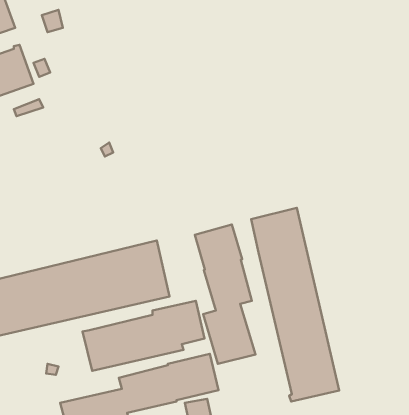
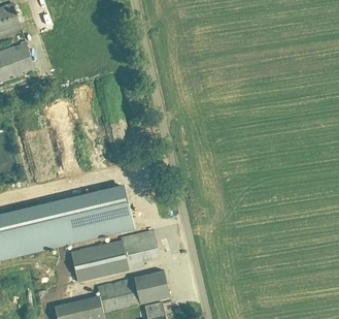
building: [251,208,339,401] -> none
building: [195,225,256,364] -> none

